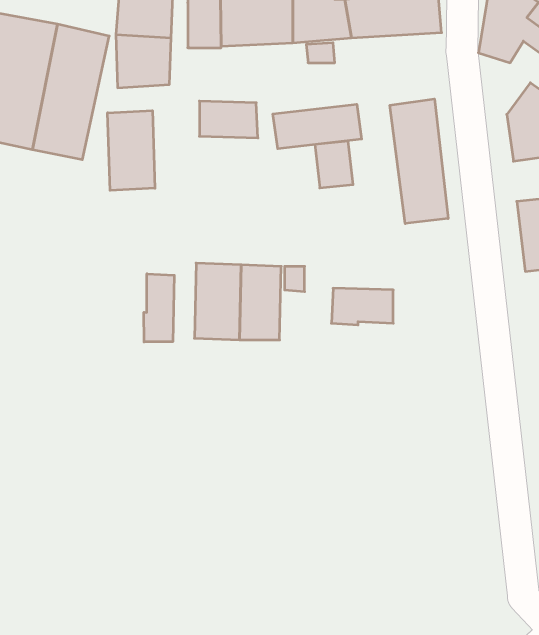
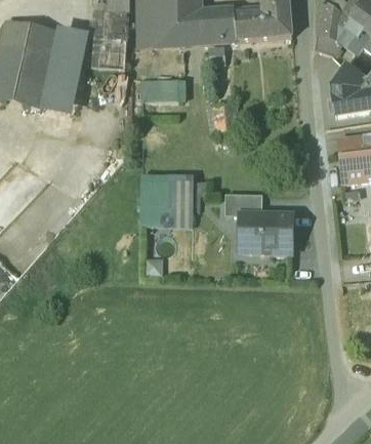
building: [390,99,448,224] -> none
building: [273,104,362,149] -> none
building: [108,111,155,190] -> none
building: [144,274,174,342] -> none
building: none -> [240,213,292,252]

